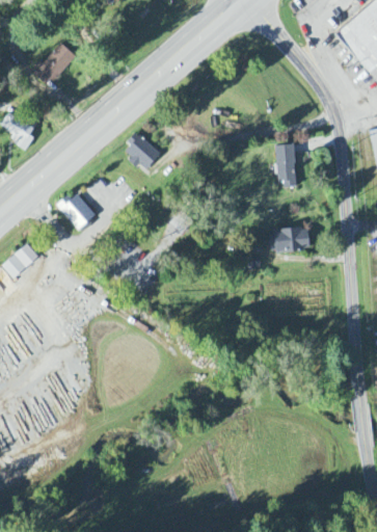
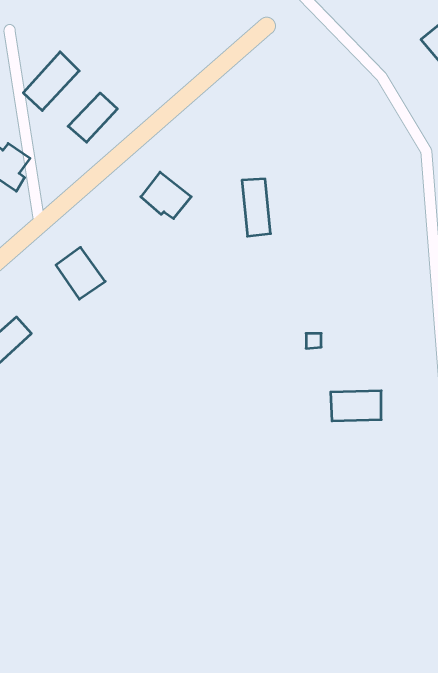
building: none -> [68,93,117,142]
building: [275,143,297,187] -> [242,179,271,236]
building: [269,228,307,250] -> [331,391,381,421]

